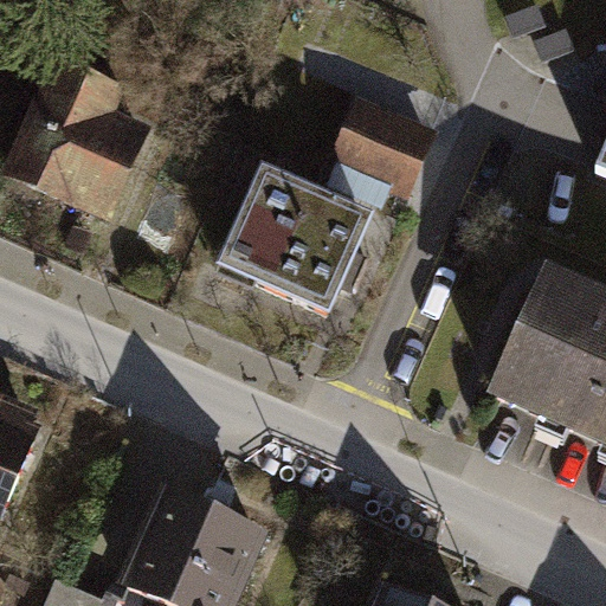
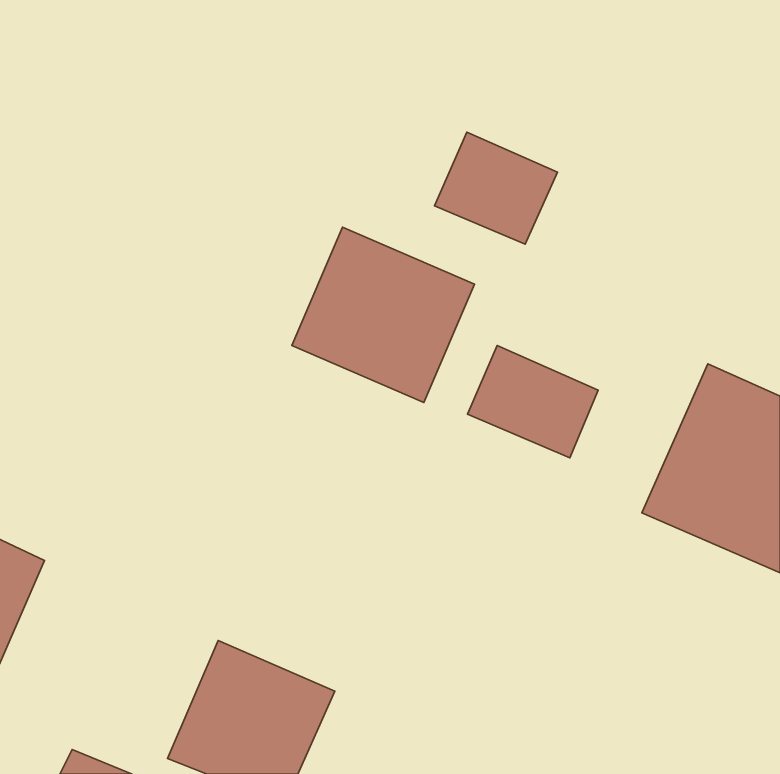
building: [14,66,144,215] -> none
building: none -> [468,346,598,458]

